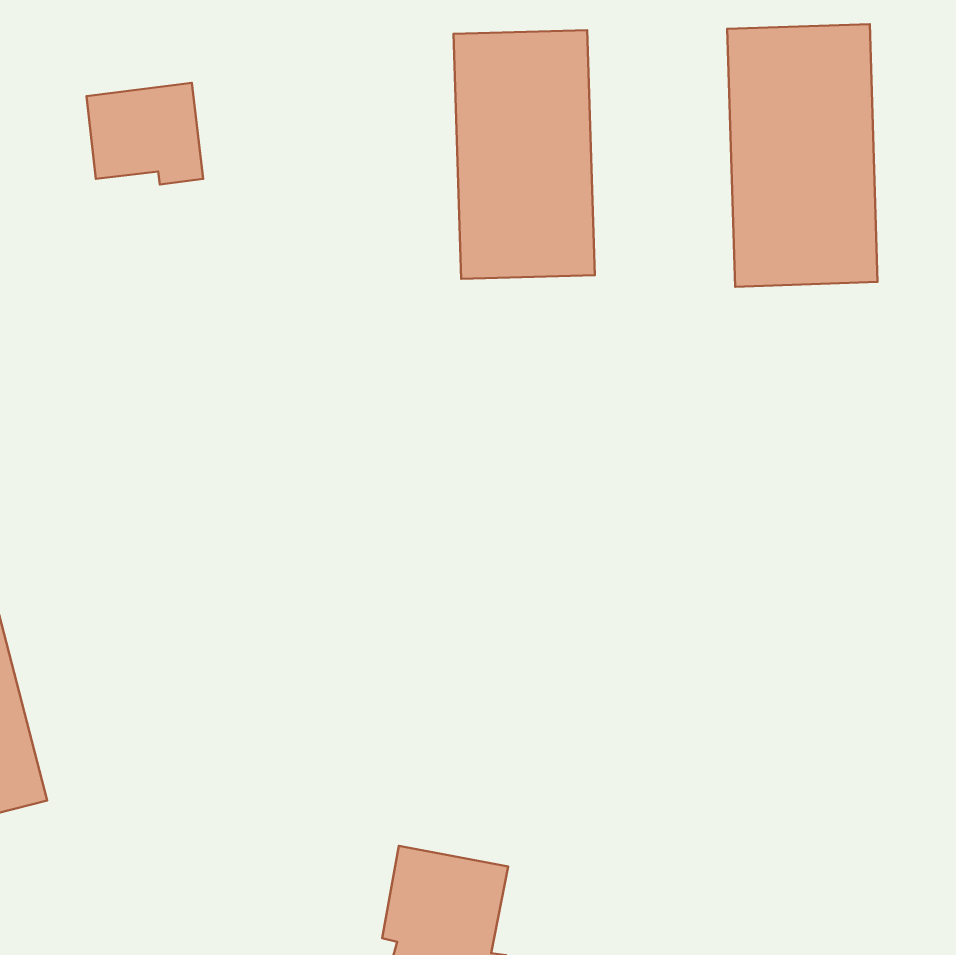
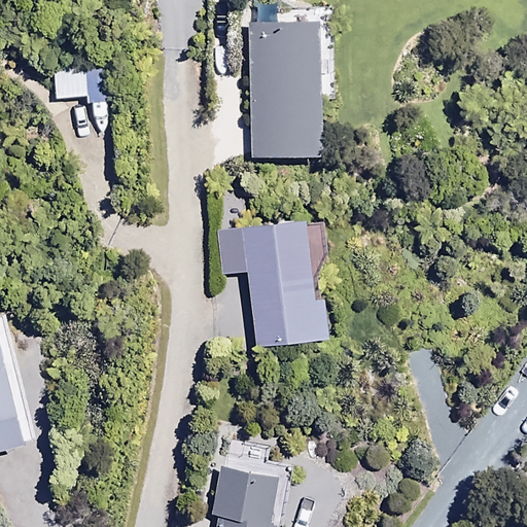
building: [727,24,878,287] -> none
building: none -> [215,218,331,348]

